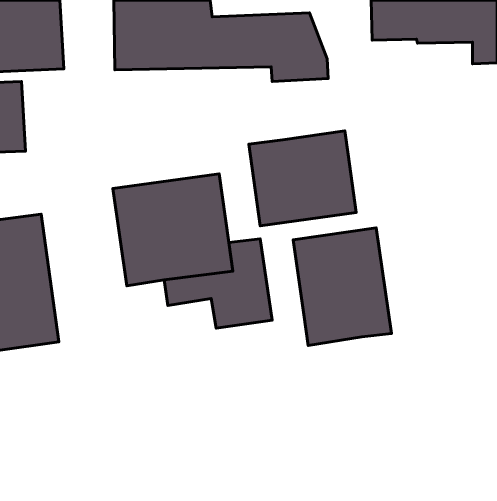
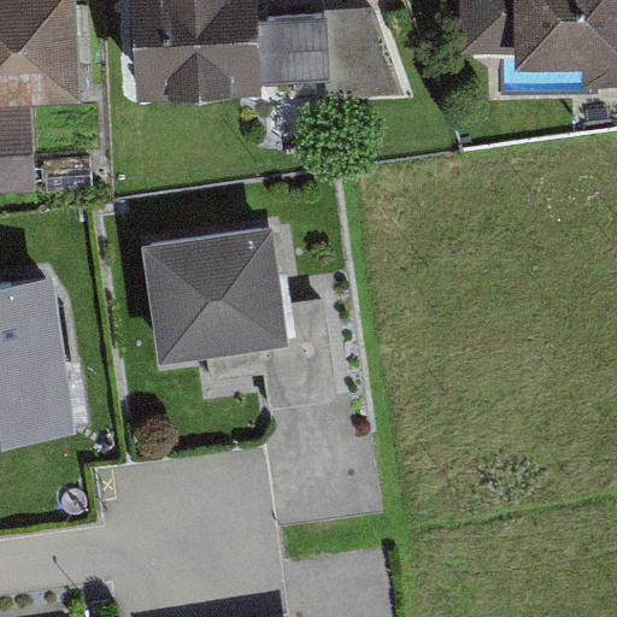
building: [249,131,356,226] -> none
building: [293,228,391,345] -> none

